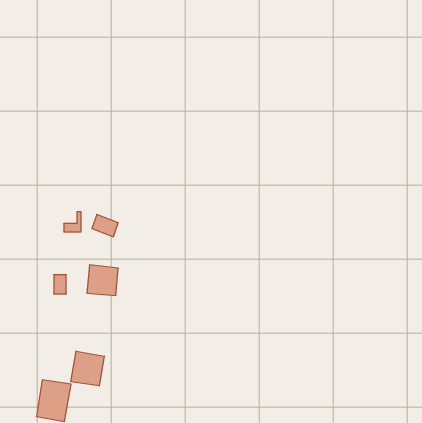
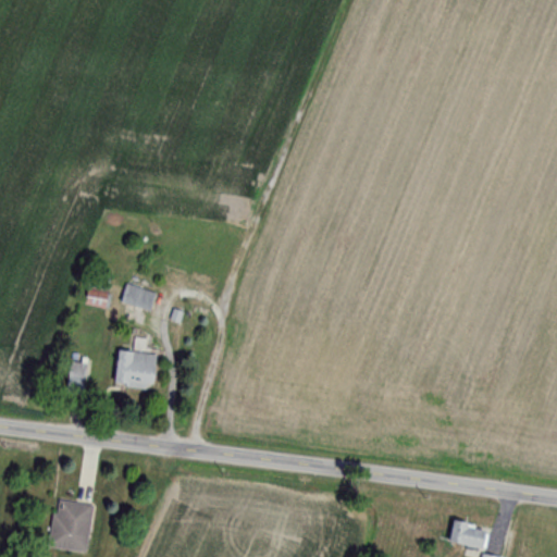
building: [71,351,104,386] -> none
building: none -> [448,520,490,552]

